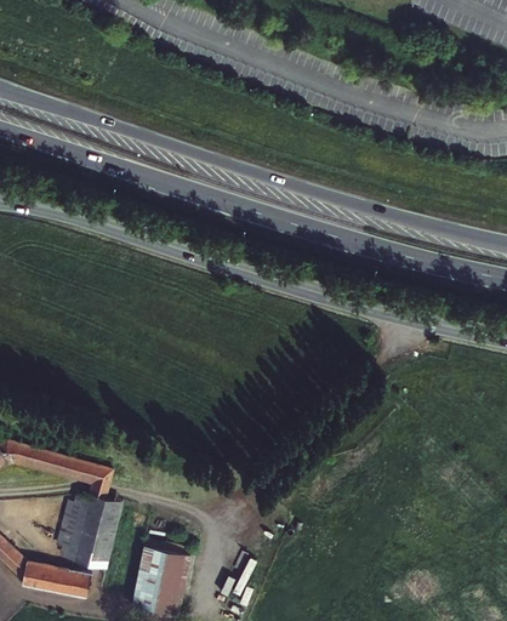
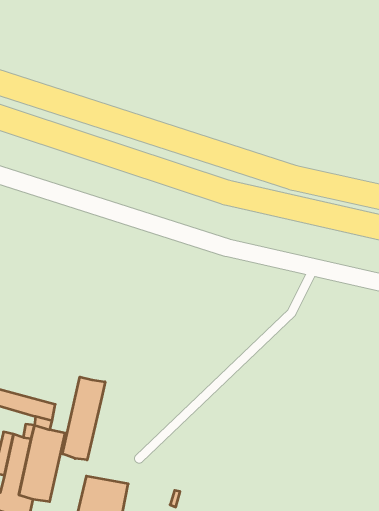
building: none -> [63,377,105,460]

